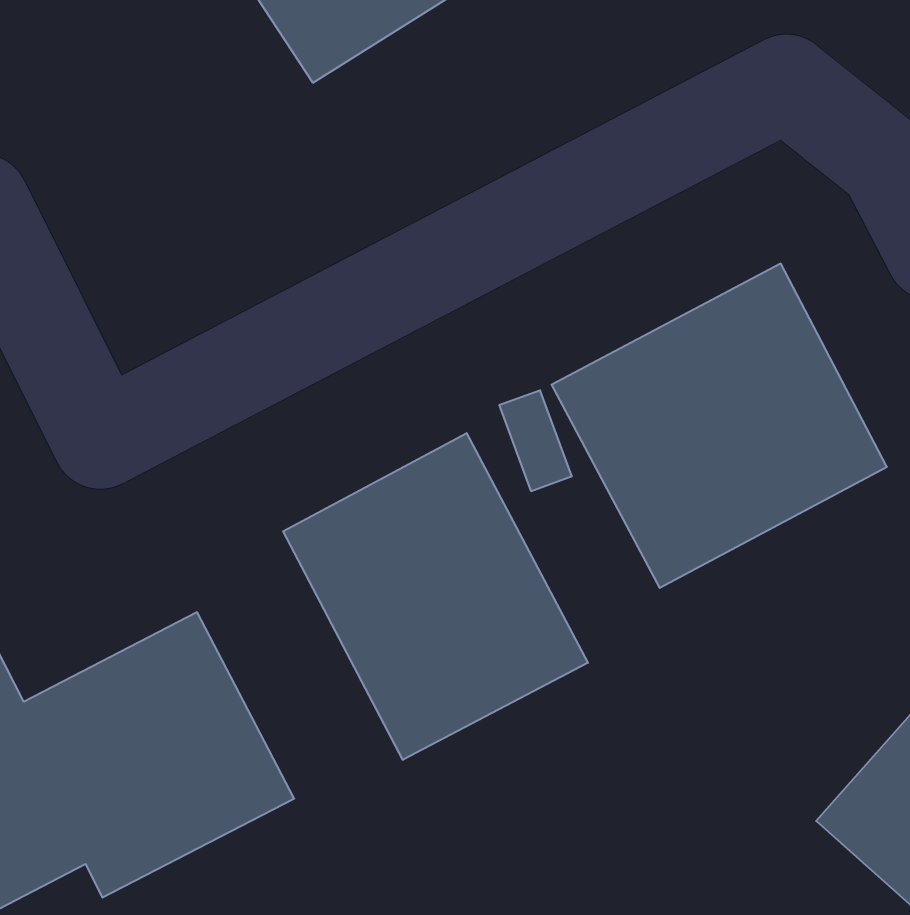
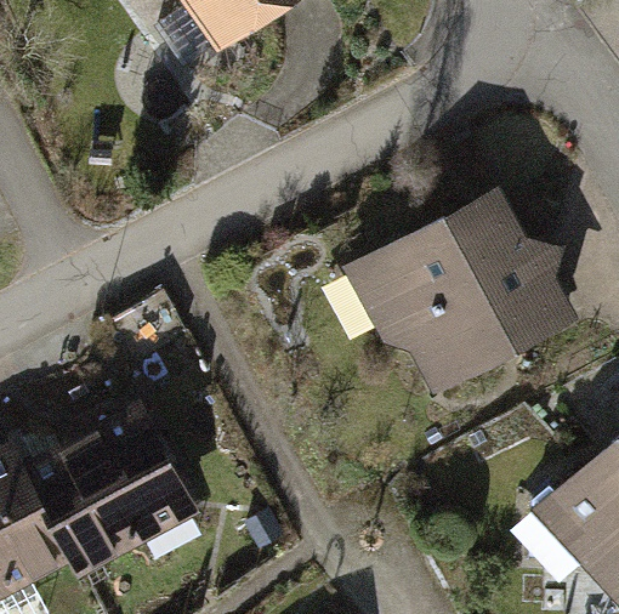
building: [283,433,588,760] -> none

